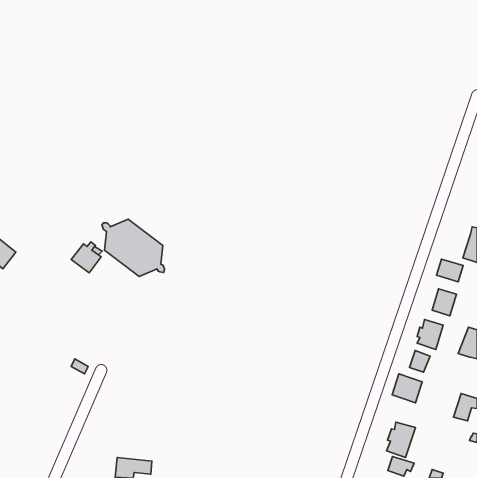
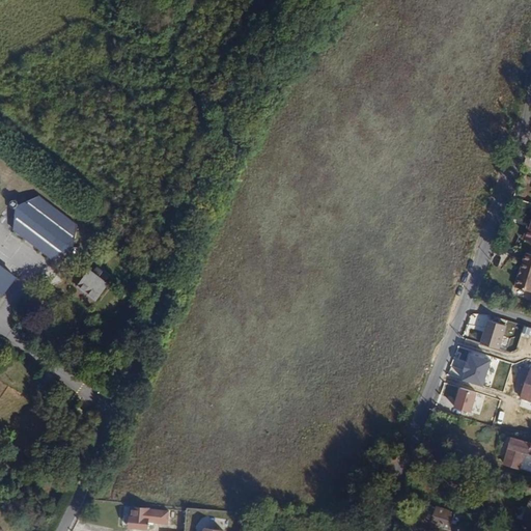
building: [102,219,165,276] -> [11,196,81,259]
building: [437,259,463,282] -> none
building: [392,374,422,403] -> none
building: [387,422,415,457] -> none

